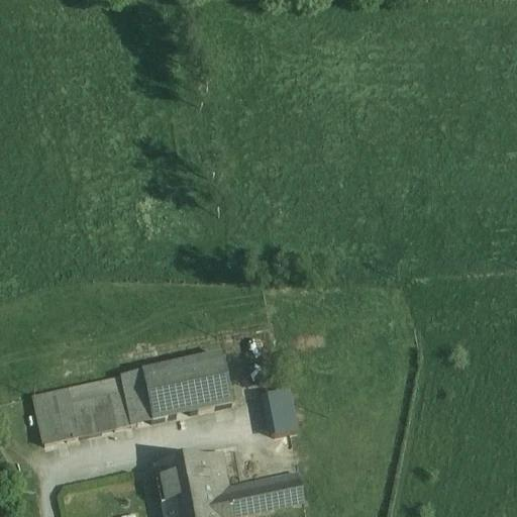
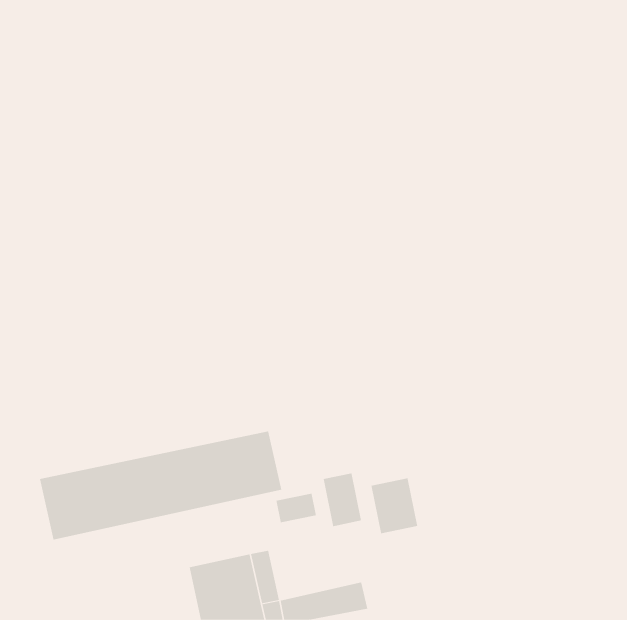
building: none -> [371,478,418,534]
building: none -> [276,493,317,523]

